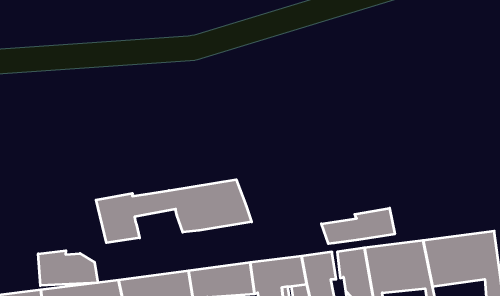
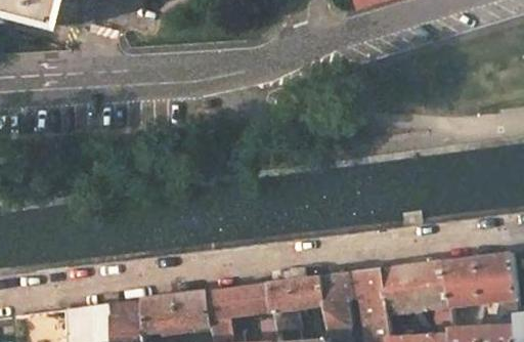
building: [96,180,252,243] -> none
building: [321,208,395,244] -> none
building: [38,251,98,286] -> none

